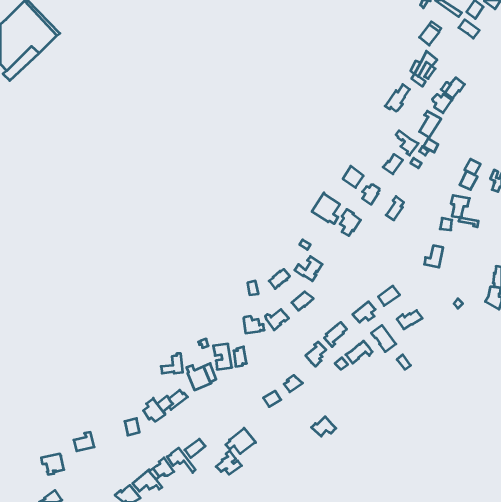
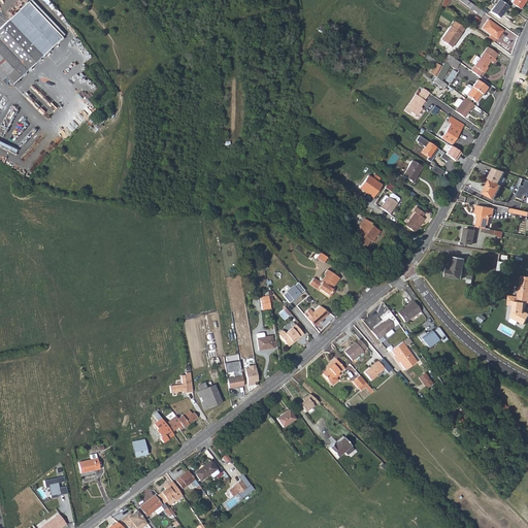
building: none -> [471,46,498,77]
building: [312,193,340,224] -> none
building: [226,428,256,454] -> none

